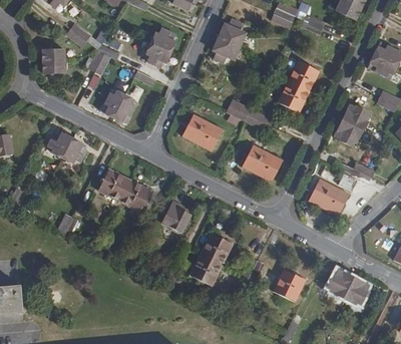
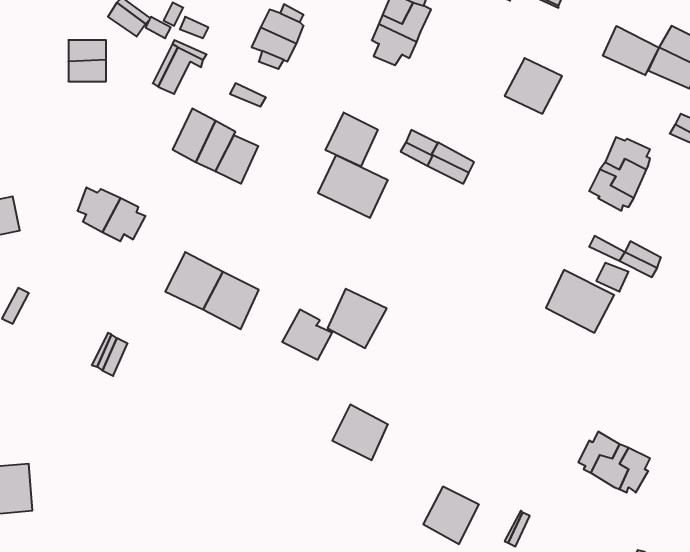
building: none -> [603,26,659,75]
building: [278,80,308,110] -> none
building: none -> [326,112,378,166]
building: none -> [215,135,258,184]
building: [243,143,282,180] -> none
building: [200,231,234,264] -> [328,289,387,348]
building: [273,268,304,300] -> [423,487,479,544]

